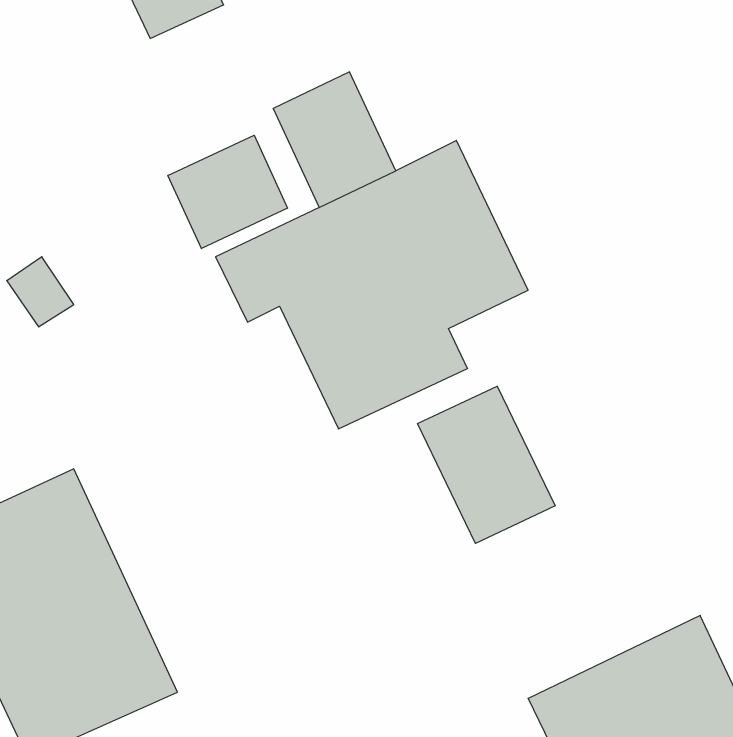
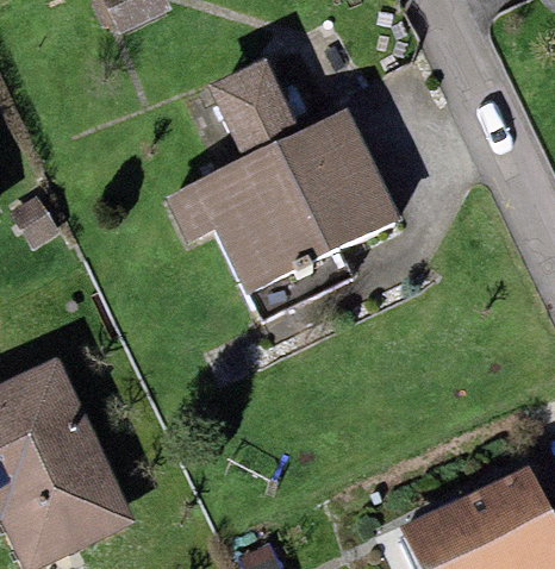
building: [168,135,287,249] -> none
building: [417,386,555,543] -> none

